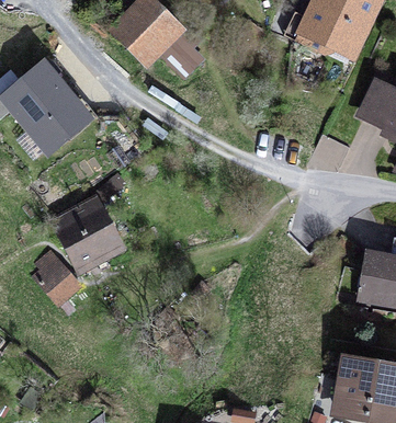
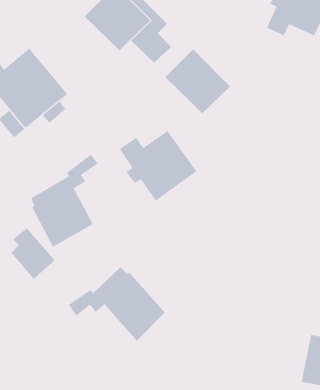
building: none -> [164,49,231,114]
building: none -> [119,130,197,201]
building: none -> [68,266,166,341]

